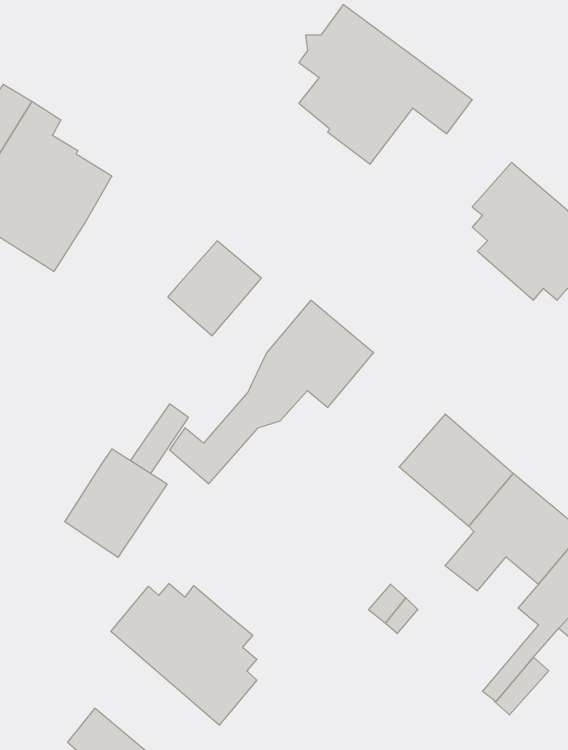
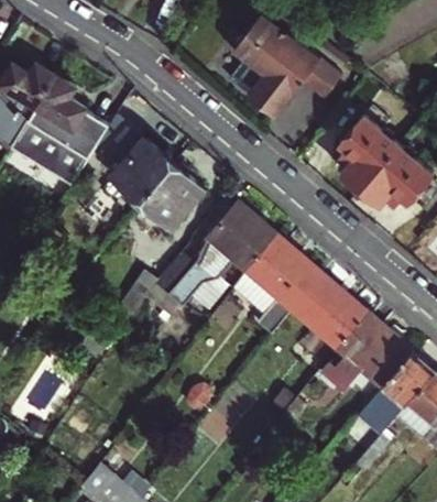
building: none -> [98,120,175,201]
building: none -> [232,238,323,336]
building: [65,449,167,558] -> none
building: [111,584,257,725] -> none

